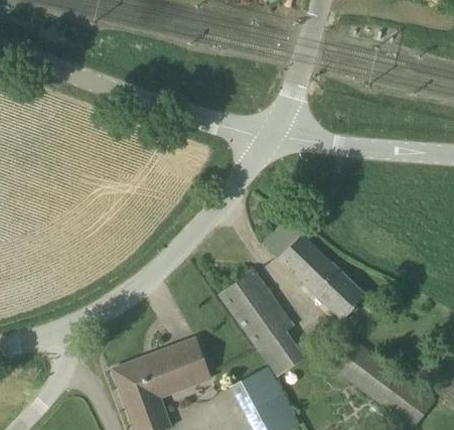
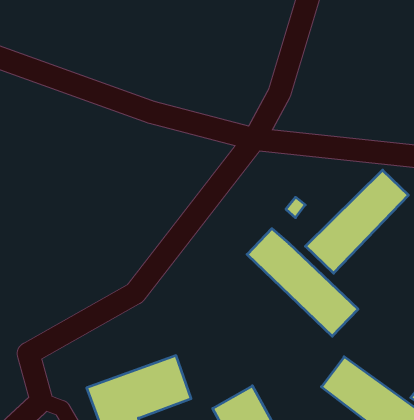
building: none -> [305,170,408,273]
building: [219,270,305,375] -> none

